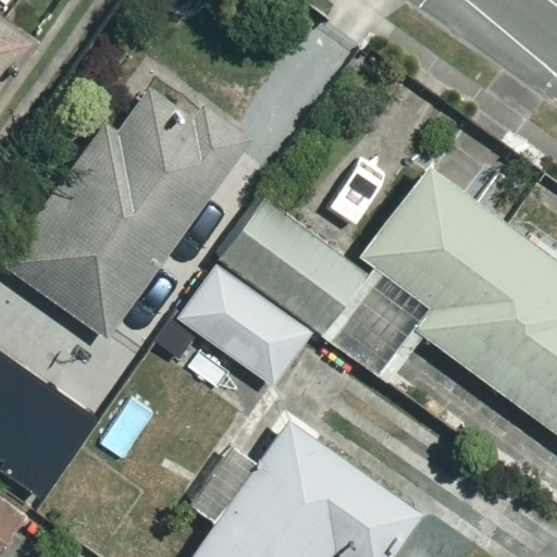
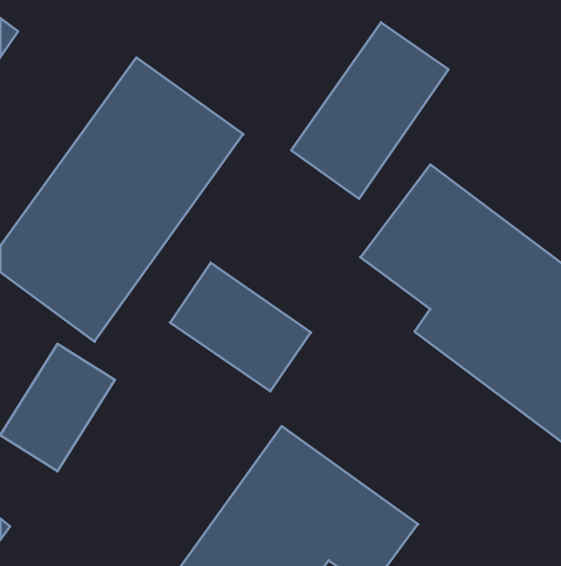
building: none -> [291,22,448,199]
building: [218,202,372,342] -> none

